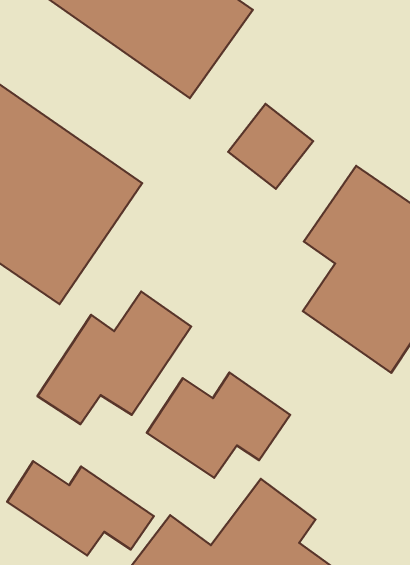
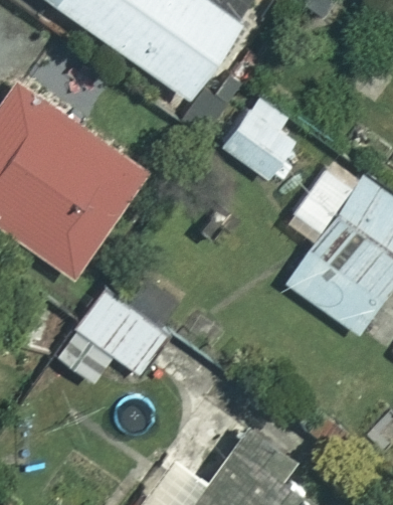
building: [147,373,290,478] -> none
building: [7,461,154,555] -> none

